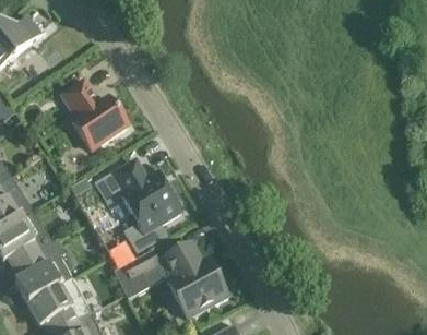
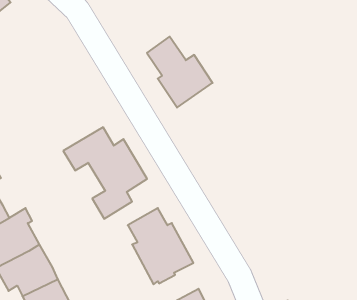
building: [60,77,127,149] -> [147,37,213,108]
building: [114,249,157,298] -> none

